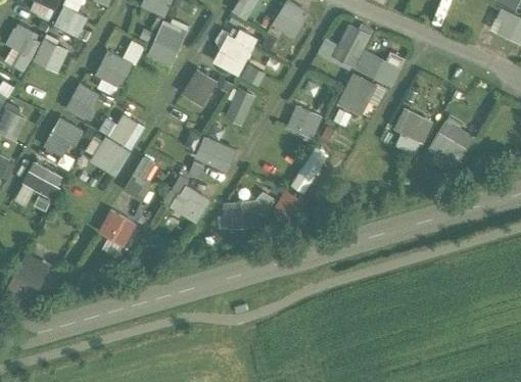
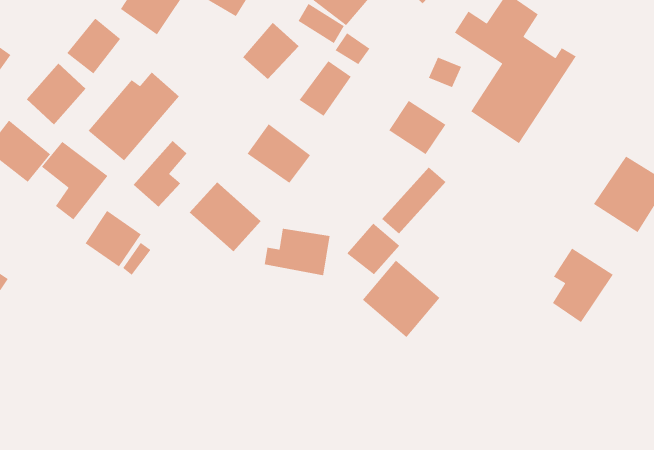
building: [393,107,433,156] -> [552,247,614,323]
building: none -> [41,141,108,221]
building: none -> [362,260,440,338]

